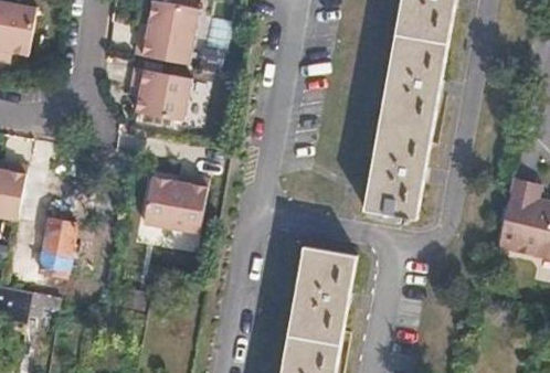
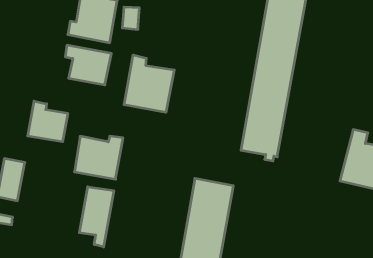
building: none -> [124,55,174,112]
building: none -> [28,101,68,142]
building: none -> [79,187,114,247]

